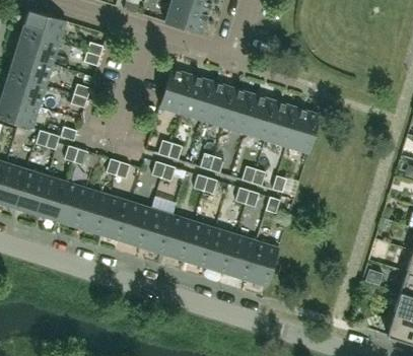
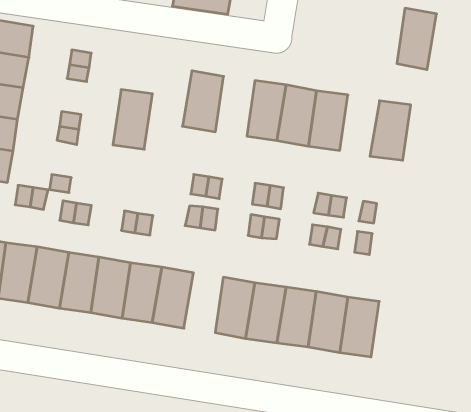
building: [182,76,214,120] -> [113,90,152,149]
building: [266,101,298,146] -> [397,8,437,70]
building: [140,209,173,253] -> none

